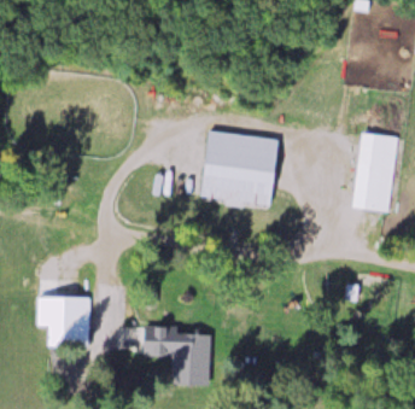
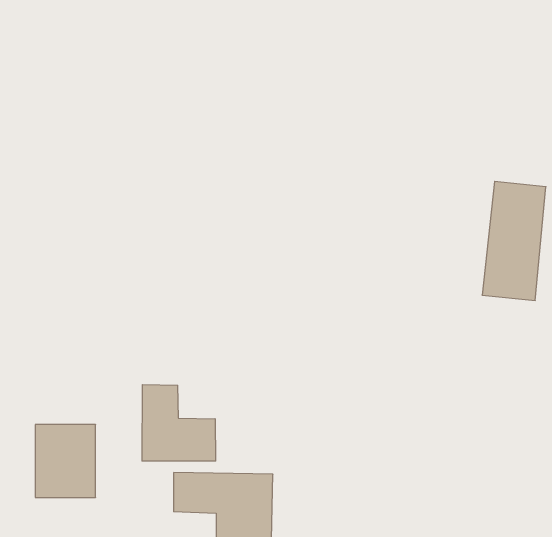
building: [201,130,280,206] -> none
building: none -> [142,385,216,461]

